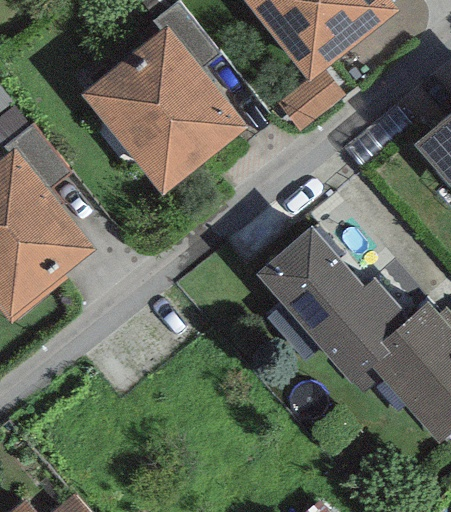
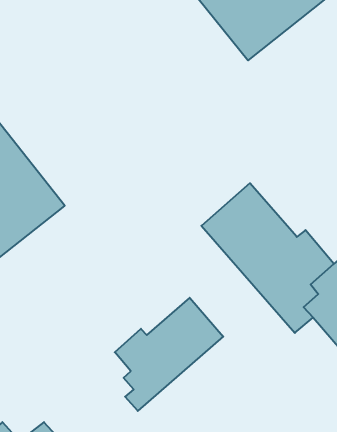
building: [81,24,247,192] -> none
building: none -> [115,298,223,411]

